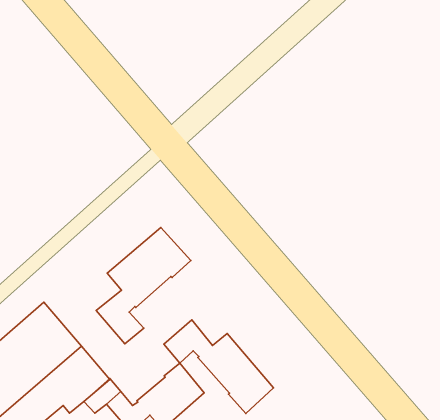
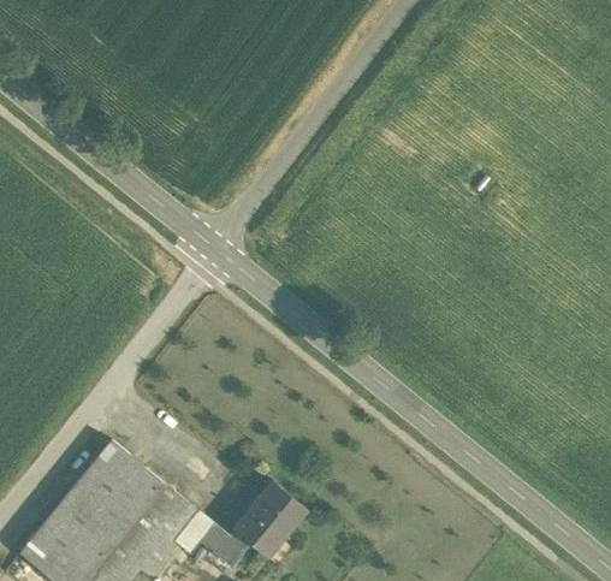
building: [96,227,191,344] -> none
building: [164,320,274,413] -> none

